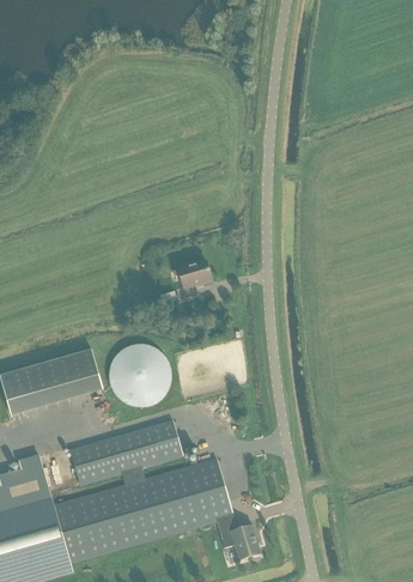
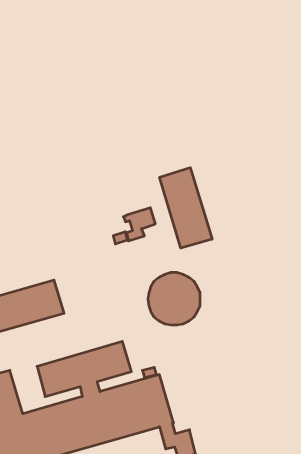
building: none -> [160,168,212,248]
building: [109,345,171,407] -> [148,273,200,325]

